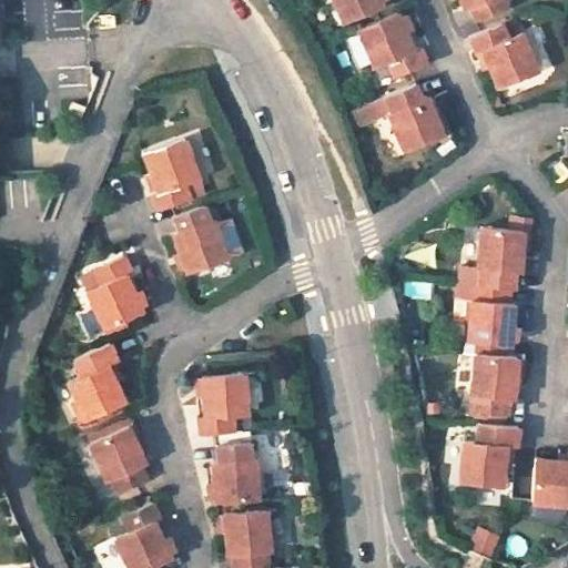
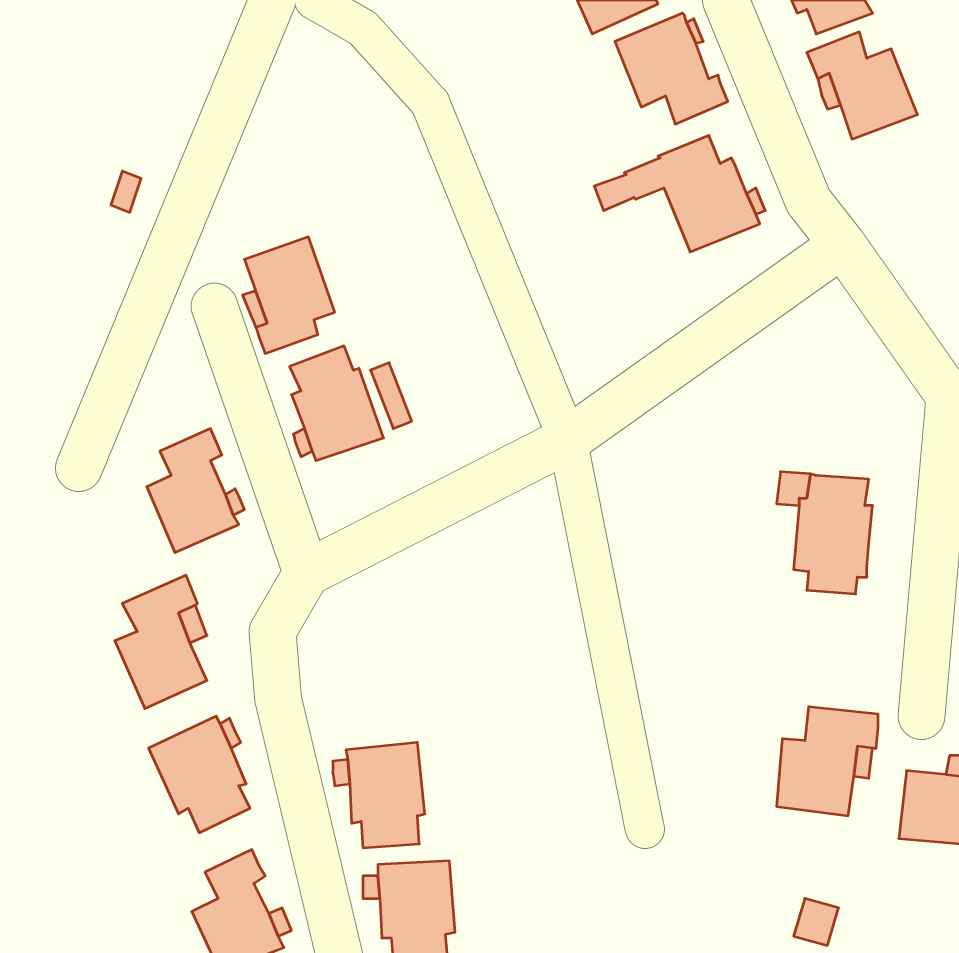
building: [483,226,528,287] -> none
building: [471,353,518,415] -> none
building: [197,374,246,437] -> none

